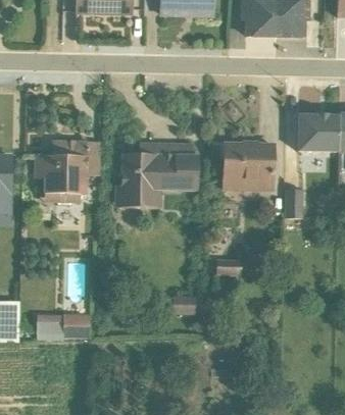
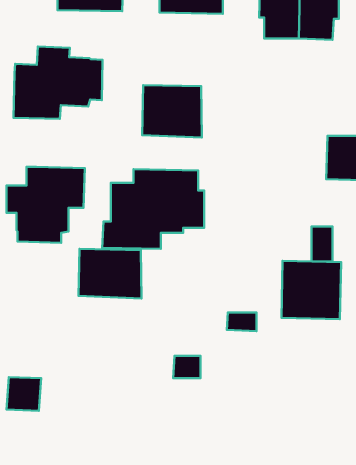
building: none -> [13,46,103,119]
building: none -> [142,85,202,138]
building: [225,144,274,192] -> [281,261,341,319]
building: none -> [79,249,142,298]
building: [63,314,91,339] -> none

